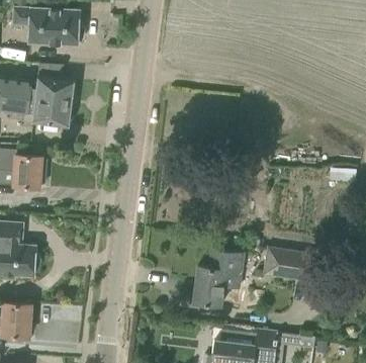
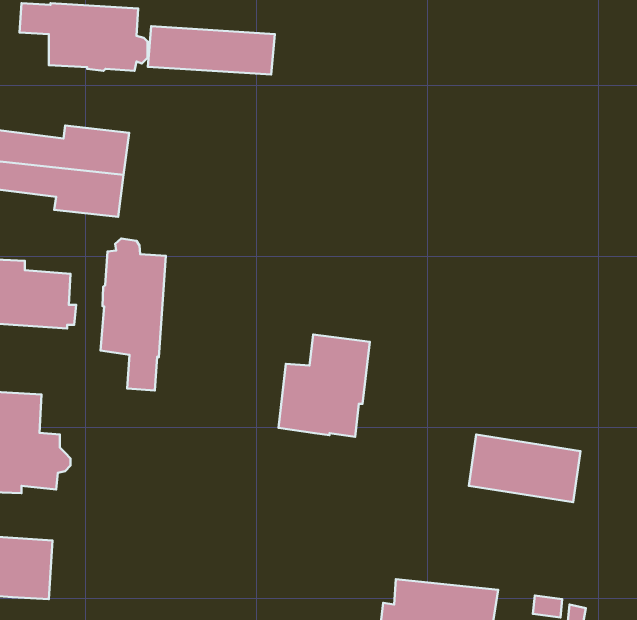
building: none -> [148,26,275,74]
building: none -> [101,238,166,391]
building: [193,250,244,306] -> [278,334,370,437]

